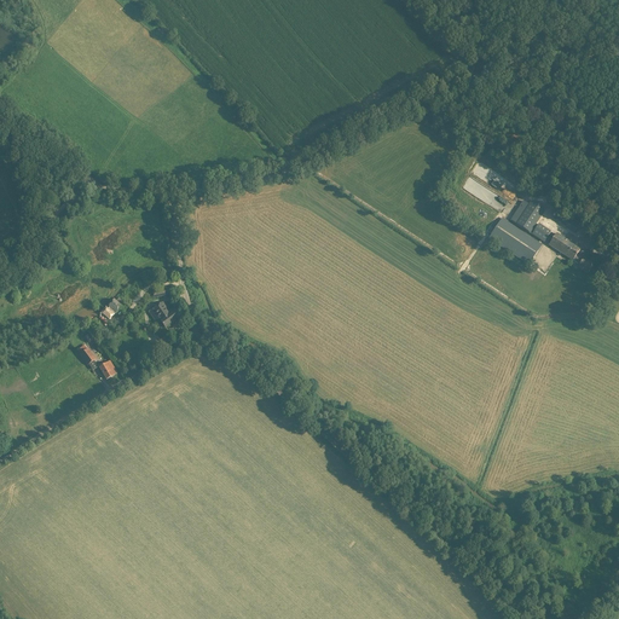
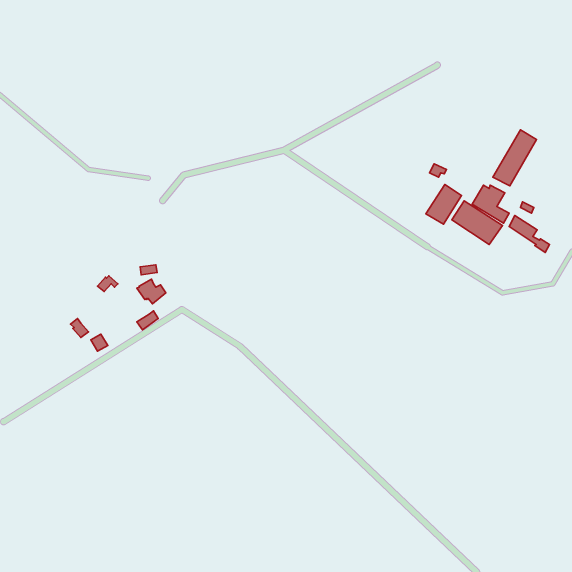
building: none -> [493,130,537,186]
building: none -> [426,185,461,224]

